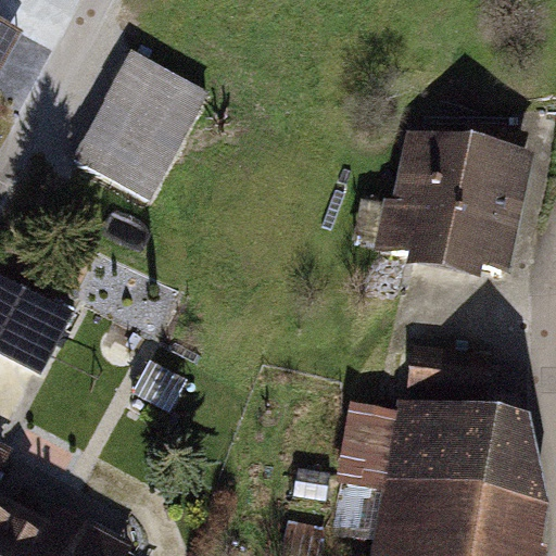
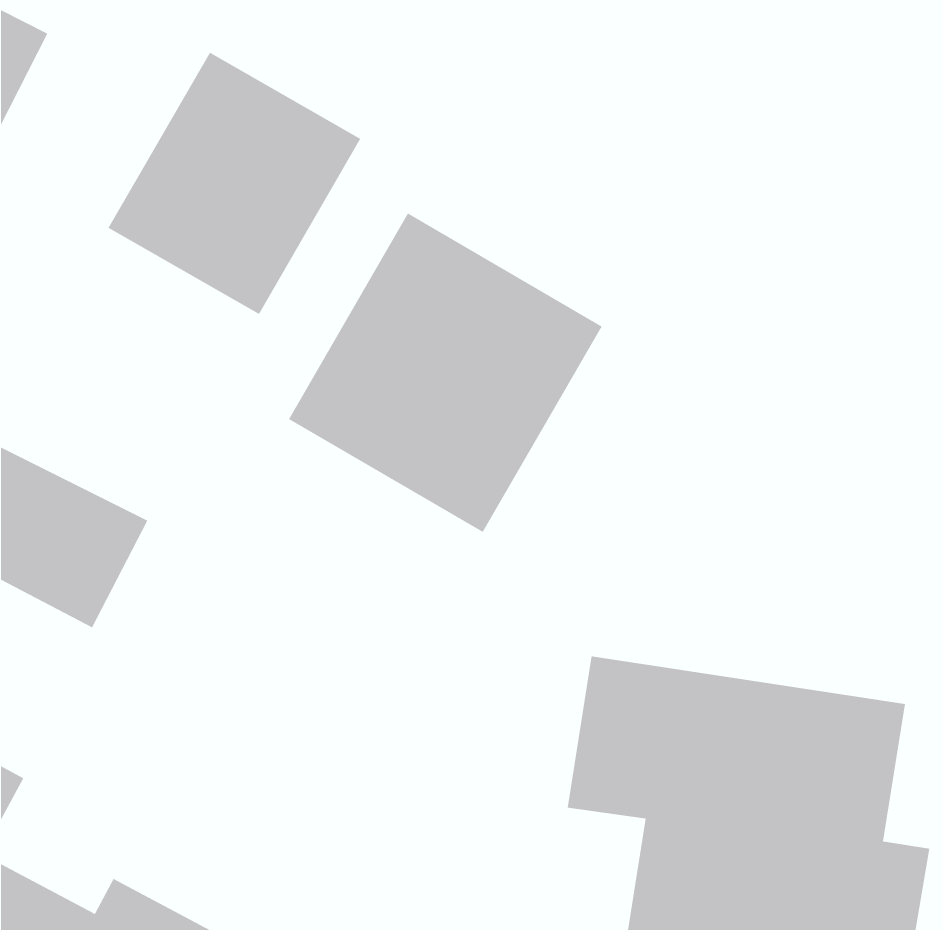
building: [392,129,525,279] -> none
building: none -> [288,213,602,533]

